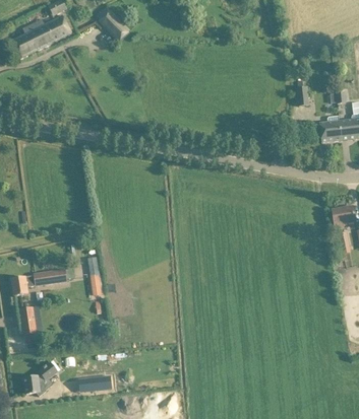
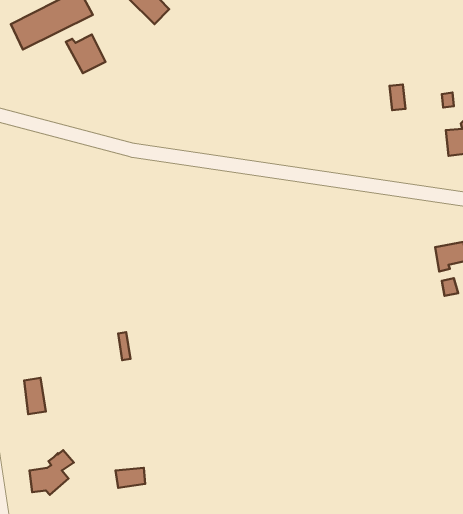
building: none -> [66,35,106,73]
building: [319,113,342,140] -> none
building: [11,267,67,293] -> none

